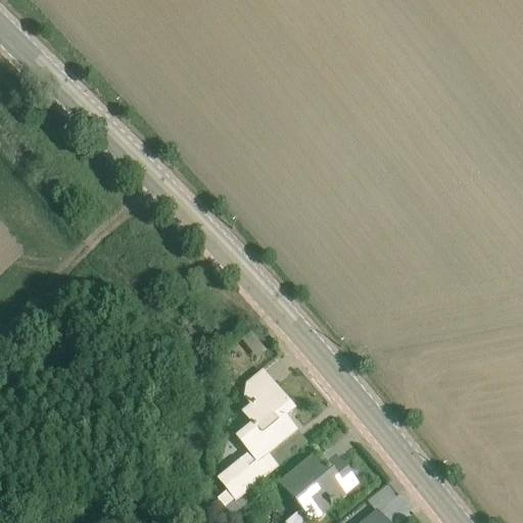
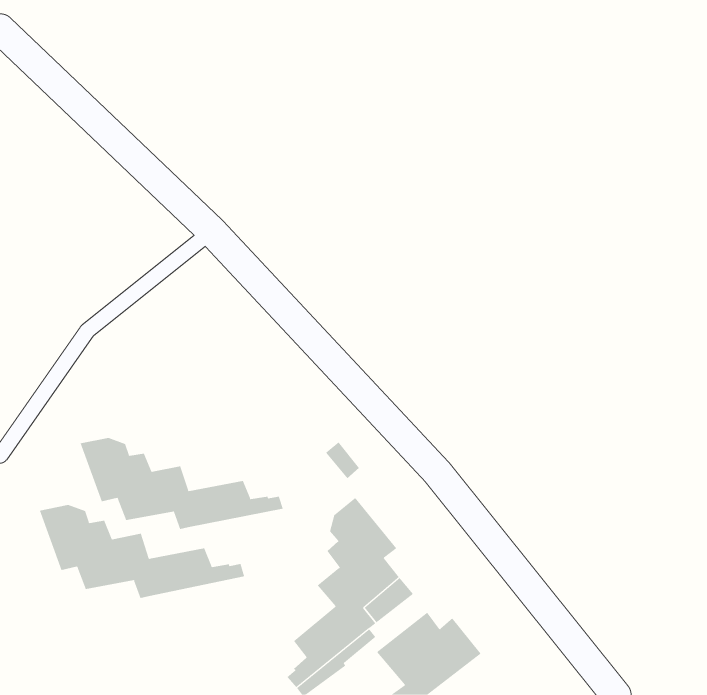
building: none -> [80,437,283,530]
building: none -> [39,504,245,599]

